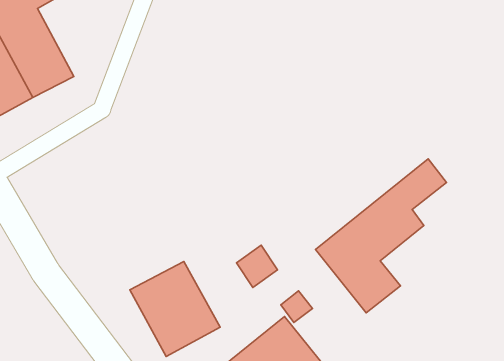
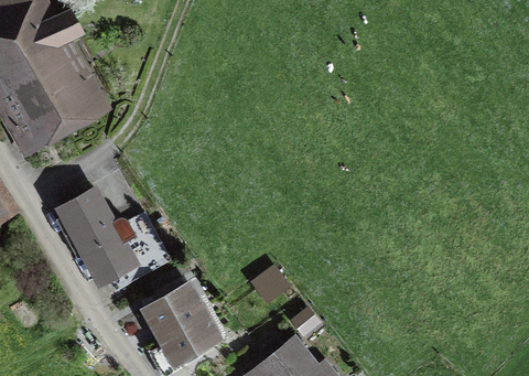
building: [316,159,446,313] -> none
building: none -> [51,191,165,282]

